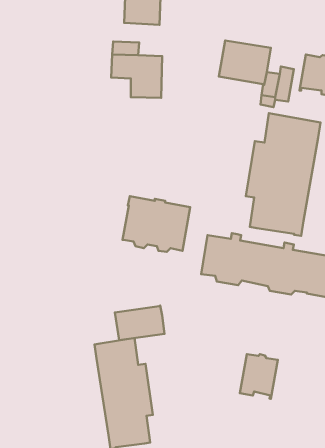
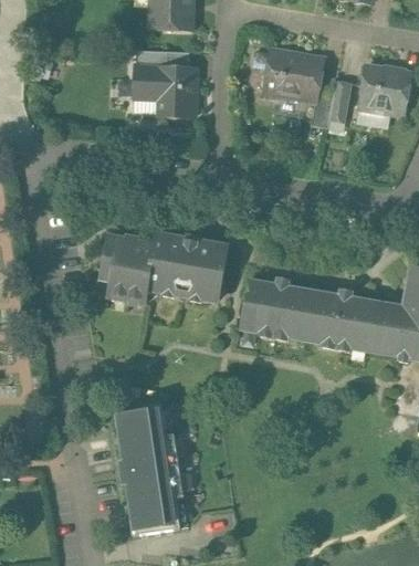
building: [246,113,320,236] -> none
building: none -> [99,237,155,302]
building: [115,305,164,340] -> none
building: [240,354,278,399] -> none

